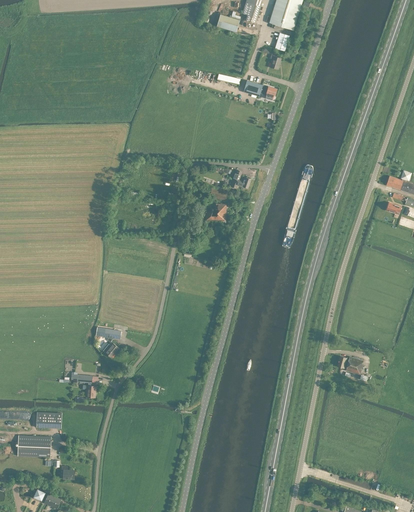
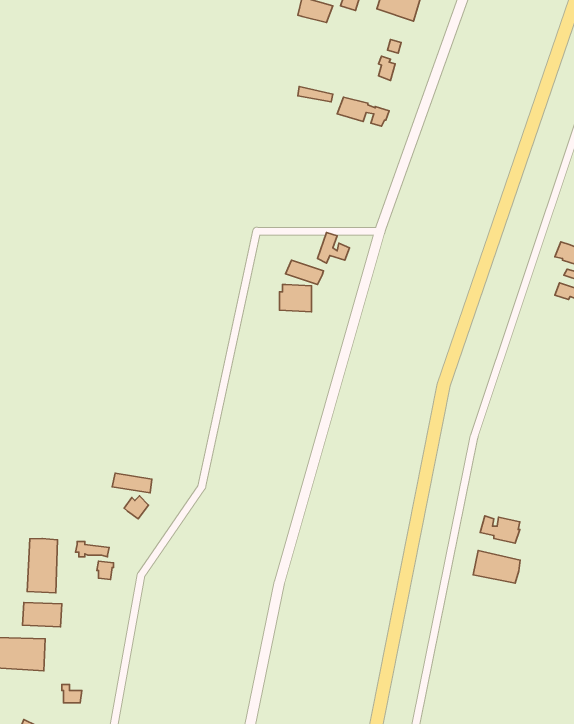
building: none -> [27,538,57,593]
building: none -> [473,551,520,583]

